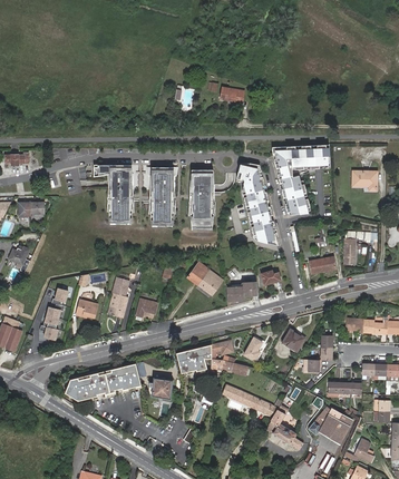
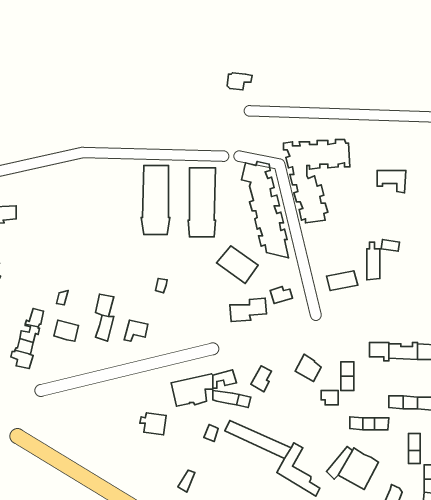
building: [96,164,134,224] -> none
building: [186,263,222,295] -> [216,246,258,284]
building: [70,363,140,399] -> none

